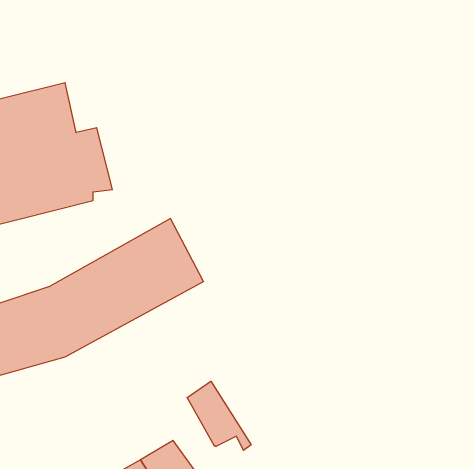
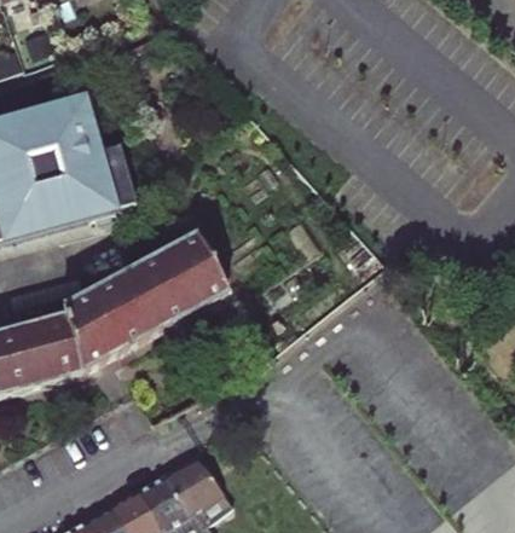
building: [187,381,251,450] -> none

